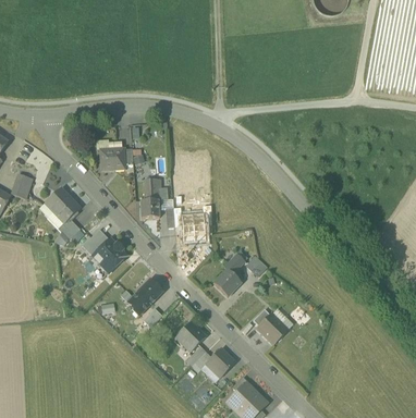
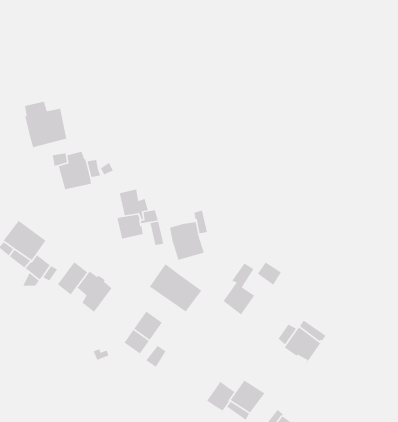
building: none -> [24,101,67,148]
building: none -> [149,264,203,313]
building: [174,321,206,353] -> none

